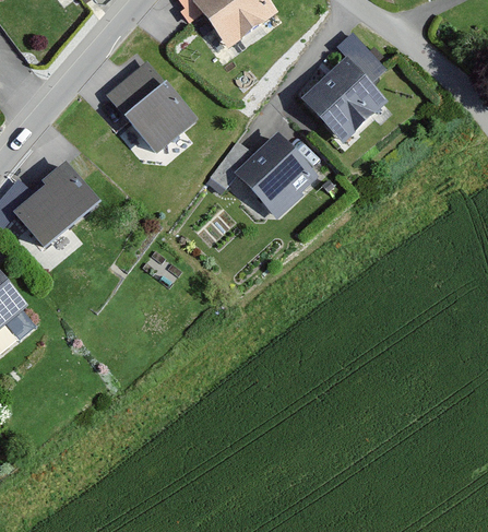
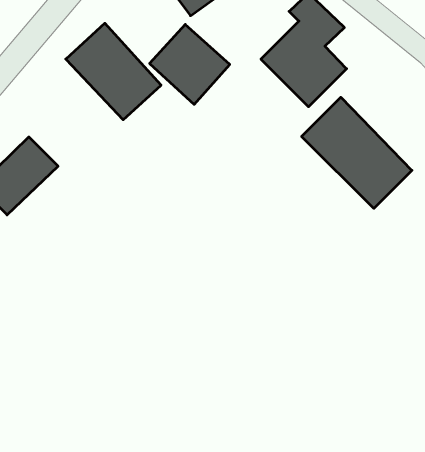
building: [233,131,313,212] -> [150,24,230,104]
building: none -> [302,97,412,208]

